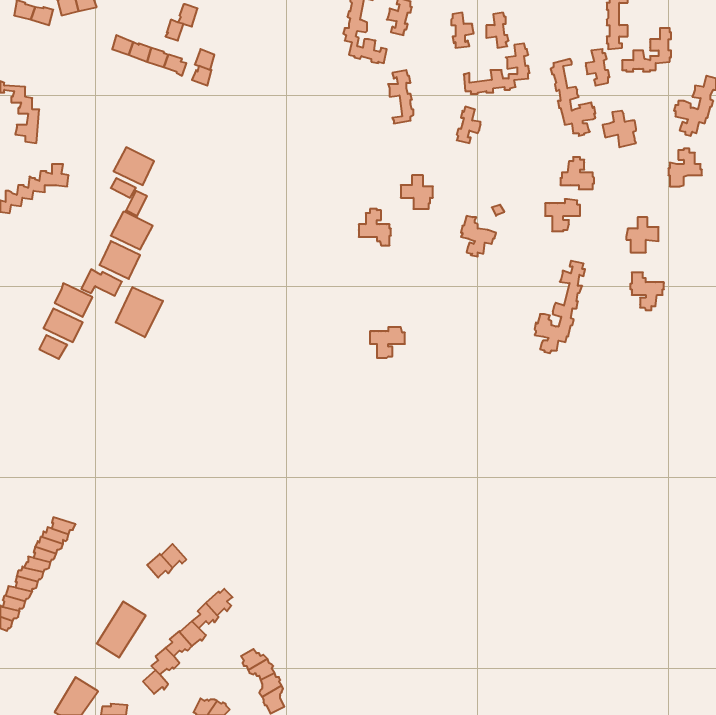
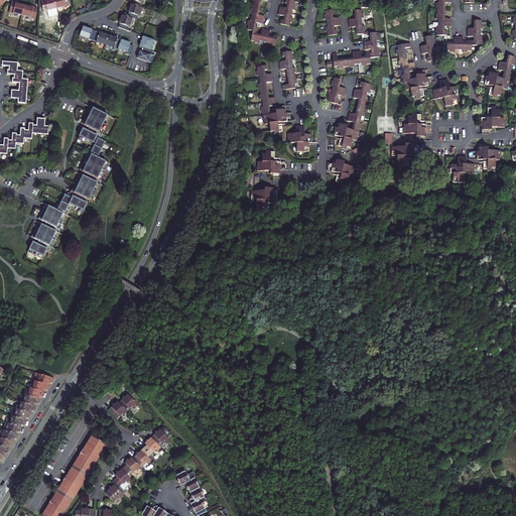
building: none -> [256,66,288,133]
building: [535,261,585,353] -> [335,82,371,148]
building: [630,272,664,310] -> [477,143,501,170]
building: [116,287,163,337] -> none
building: [370,327,405,358] -> [252,187,277,210]
building: none -> [54,463,86,497]

